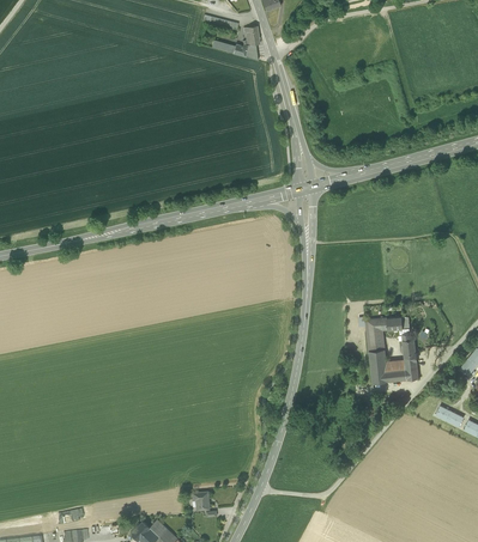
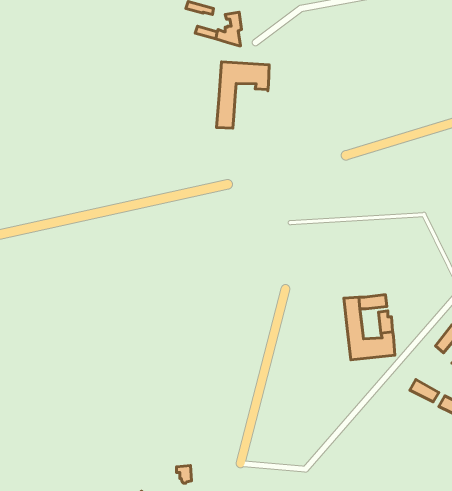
building: none -> [217,62,269,128]

